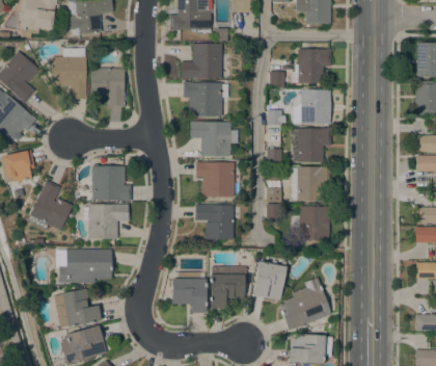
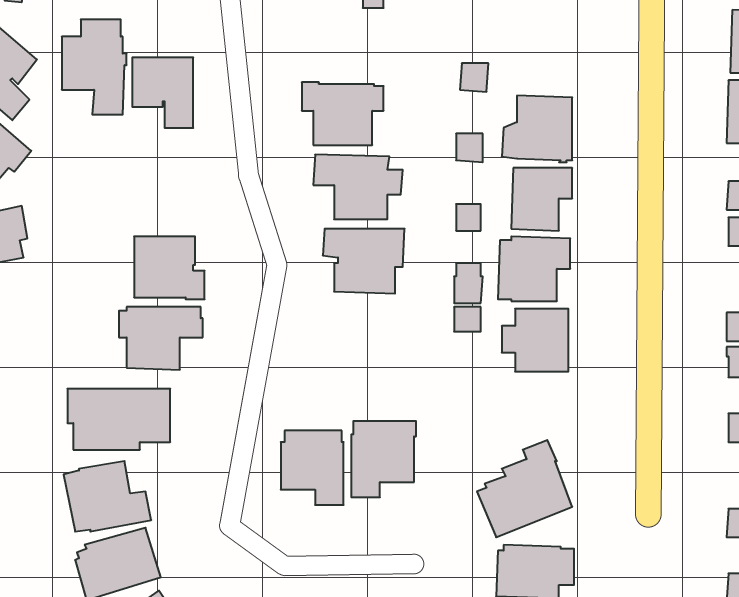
building: [182,43,222,78] -> none
building: [291,48,331,83] -> none
building: [29,180,73,230] -> none
building: [195,204,234,239] -> none
building: [253,261,287,299] -> none

